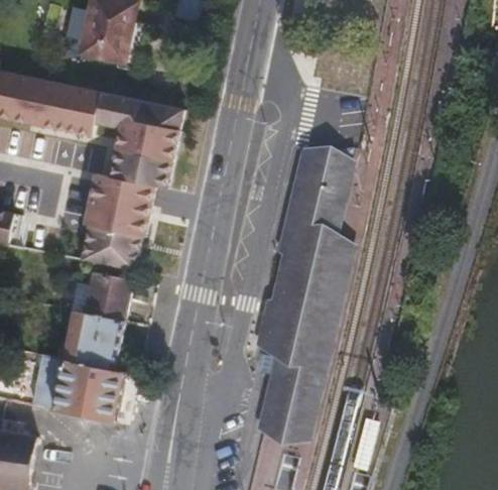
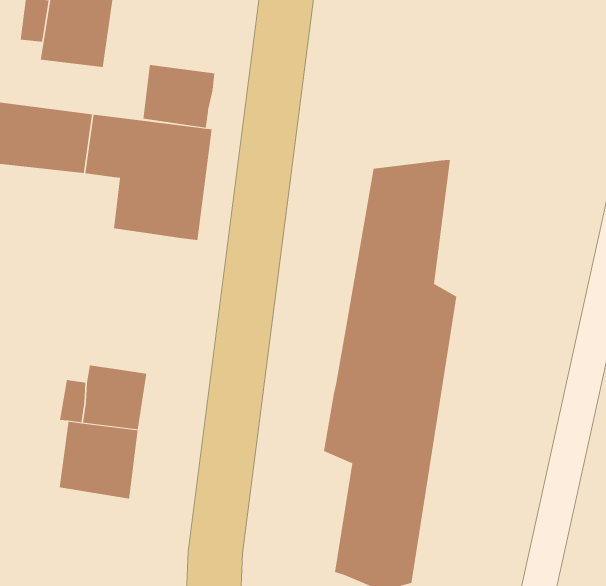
building: none -> [143,64,215,128]
building: [85,172,166,272] -> none
building: [32,351,124,418] -> none

